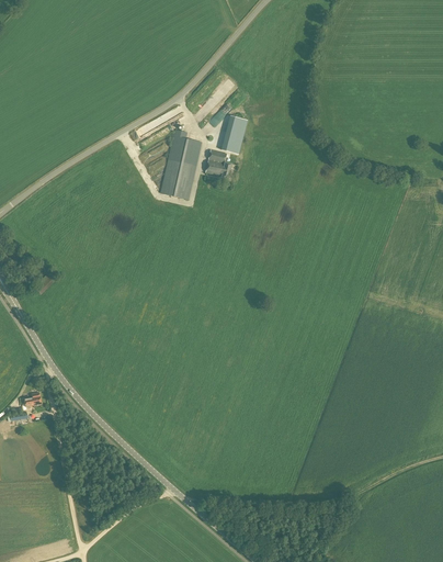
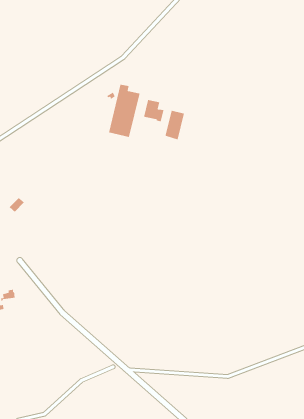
building: [220,115,247,155] -> [164,110,185,141]

